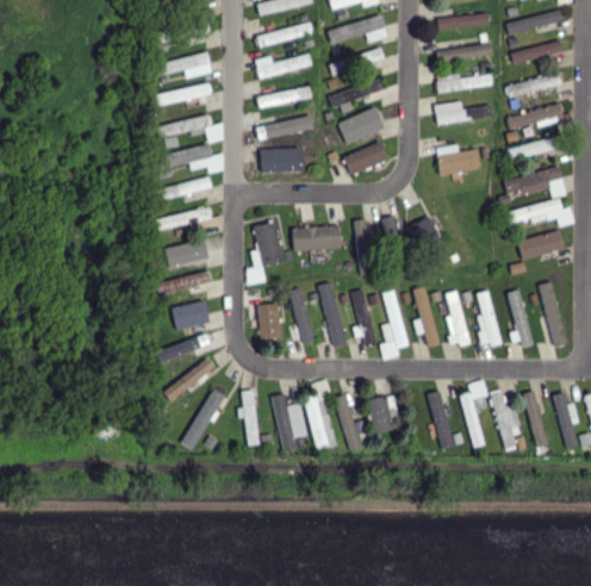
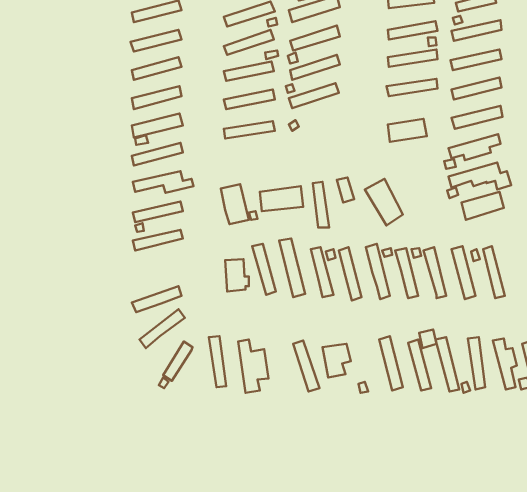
building: [344,142,388,176] -> none
building: [173,300,210,330] -> none
building: [304,394,344,449] -> none

